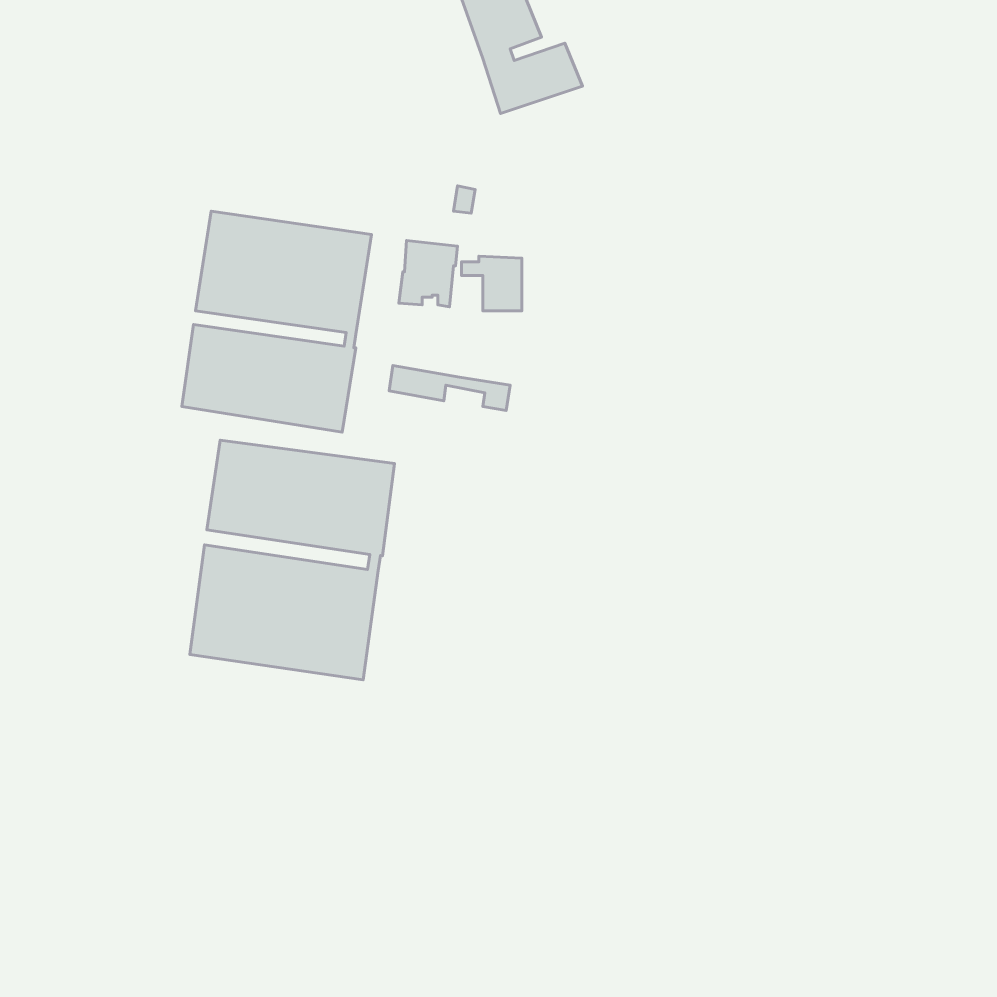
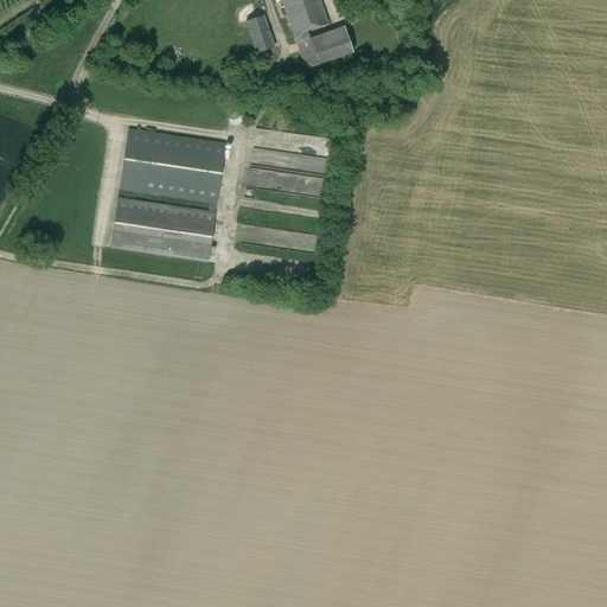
building: none -> [245,14,275,53]
building: [190,440,395,680] -> none

